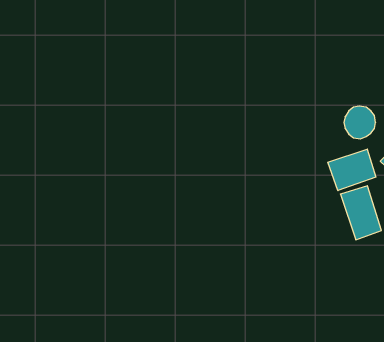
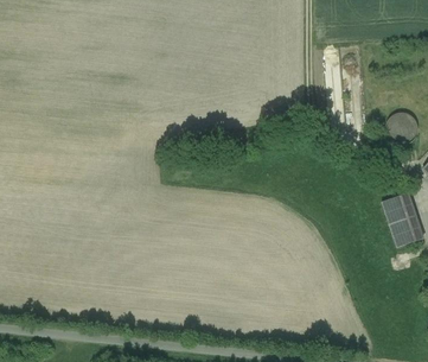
building: [328,149,376,191] -> none

